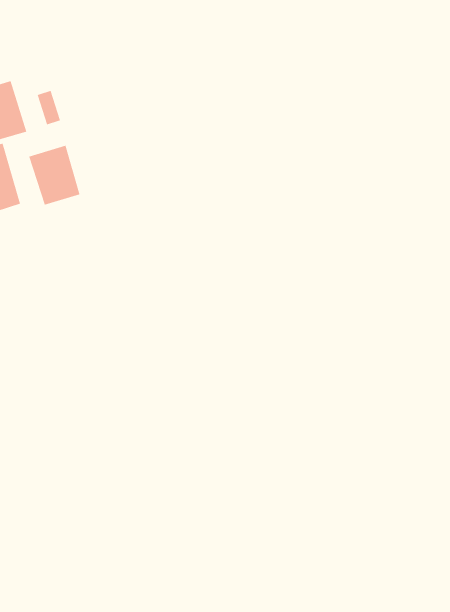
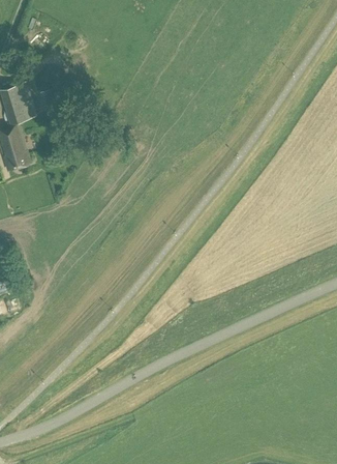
building: [28,145,80,206] -> none

